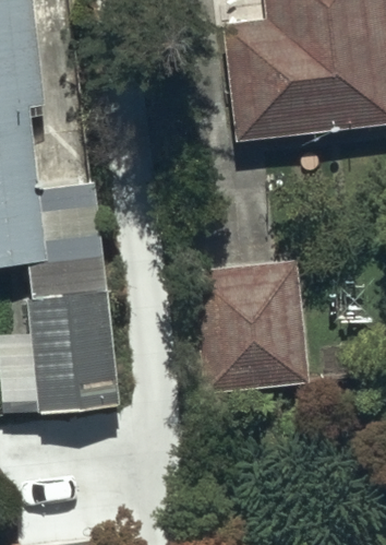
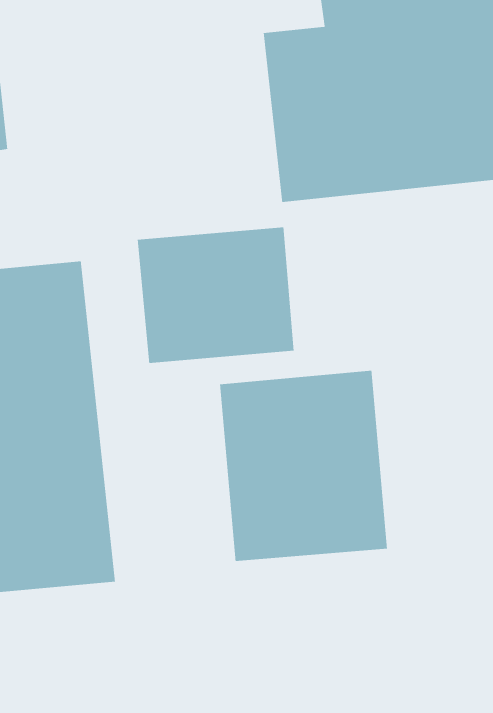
building: none -> [137,226,294,364]

